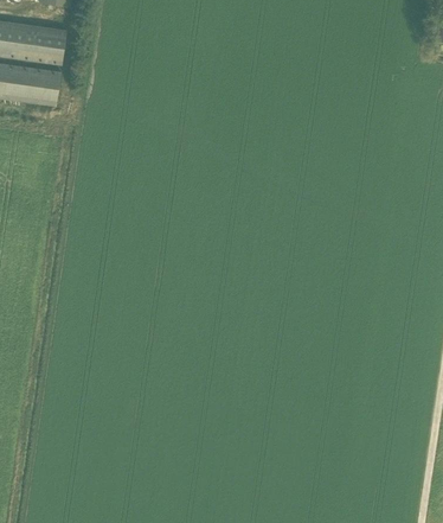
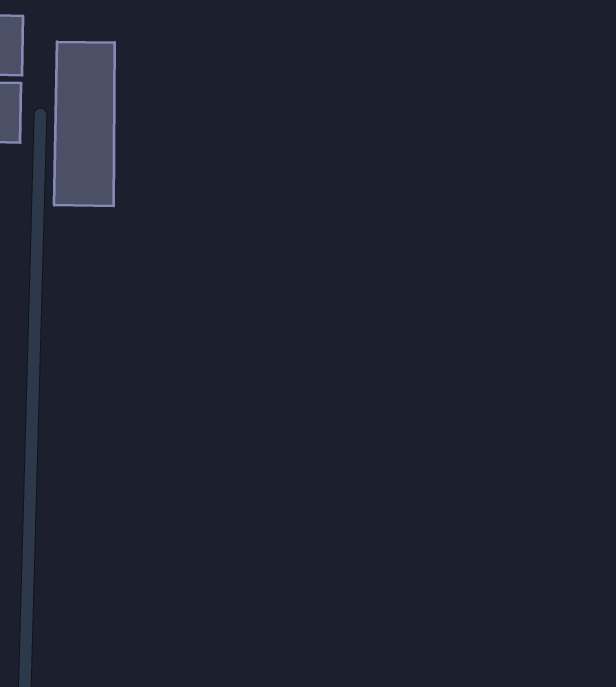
building: none -> [54,42,115,206]

